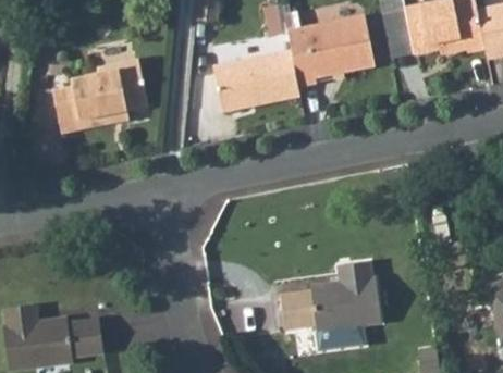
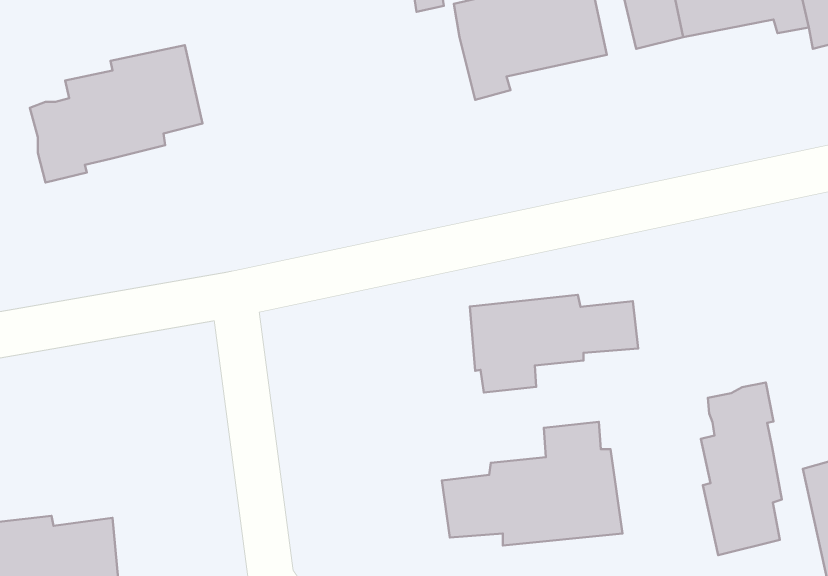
building: [213,51,303,112] -> none
building: none -> [470,295,638,392]
building: none -> [701,382,782,555]

